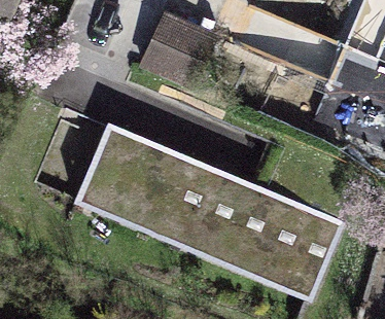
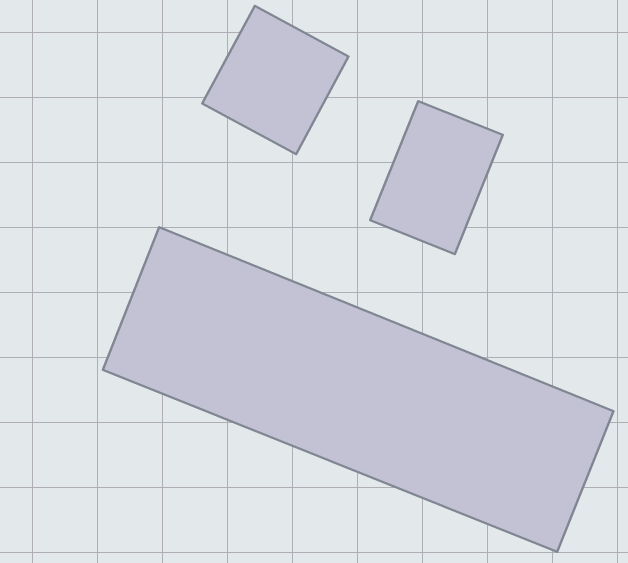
building: none -> [370,101,503,254]

